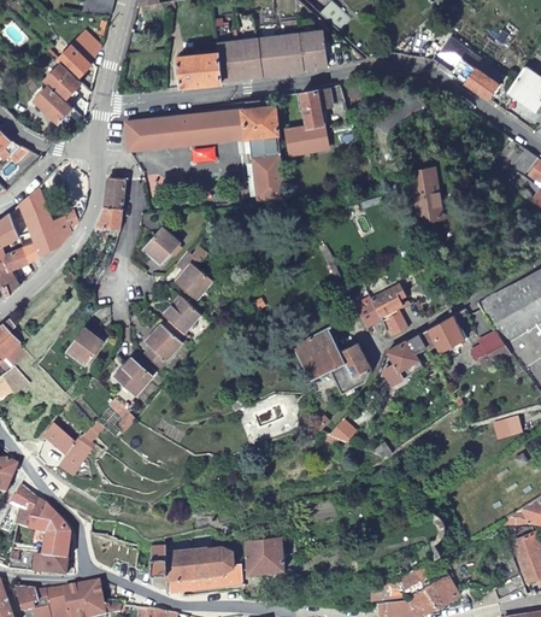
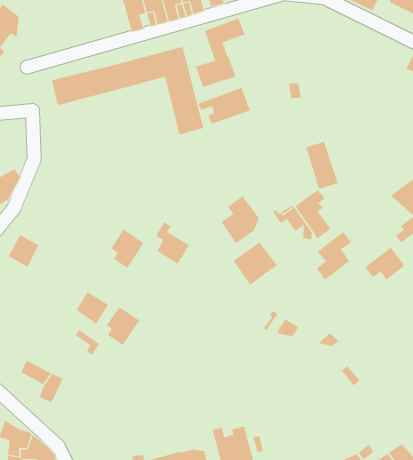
building: [176,53,220,87] -> none
building: none -> [198,87,251,125]
building: [411,169,441,221] -> [306,141,339,190]
building: [95,177,125,228] -> none
building: [143,227,181,264] -> none
building: [175,251,212,300] -> [155,221,190,264]
building: [419,316,464,352] -> [364,247,405,281]
building: [143,324,182,368] -> [106,307,140,346]
building: [66,327,102,364] -> [8,234,39,268]
building: [328,342,371,394] -> [220,196,259,244]

